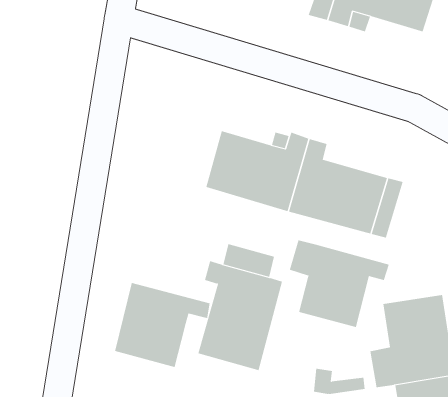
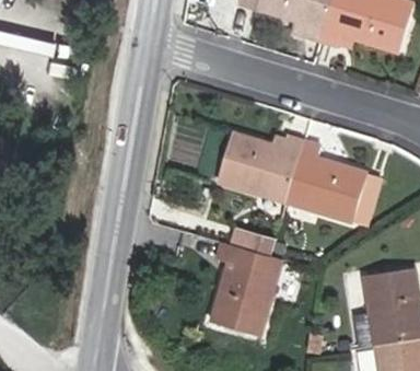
building: [289,239,389,328] -> none
building: [114,282,210,368] -> none

